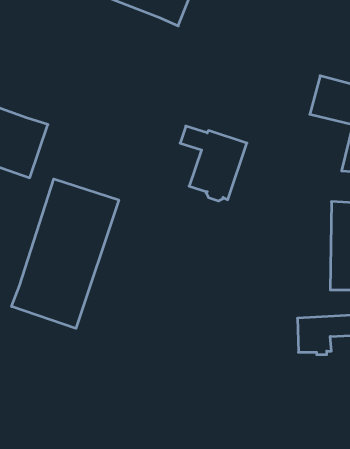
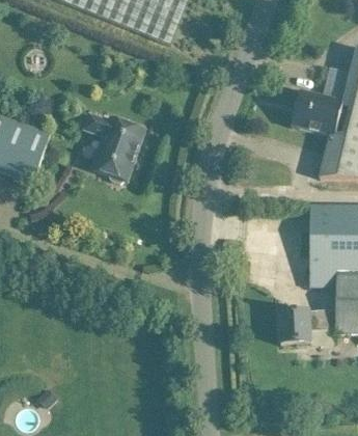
building: [180,126,247,201] -> [84,112,145,181]
building: [12,179,119,328] -> none

